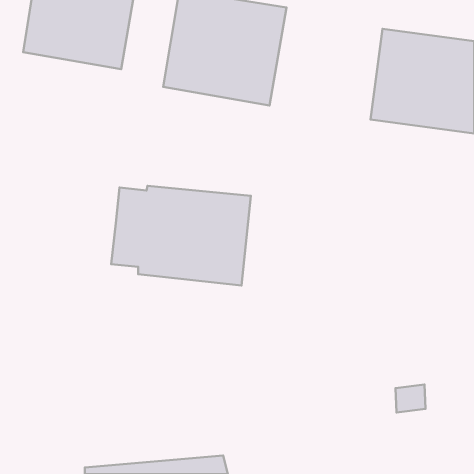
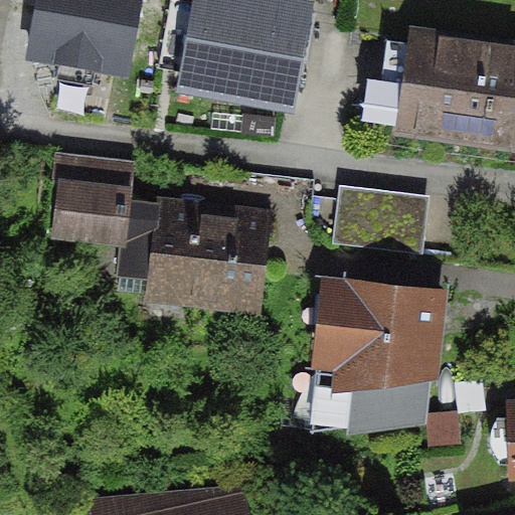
building: none -> [48,151,133,240]
building: none -> [334,184,430,252]
building: none -> [308,280,436,433]

